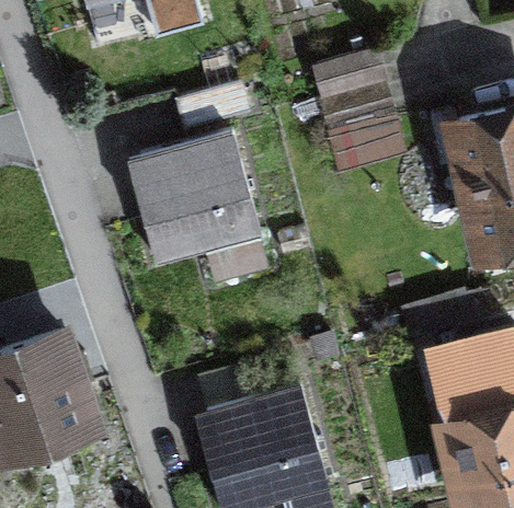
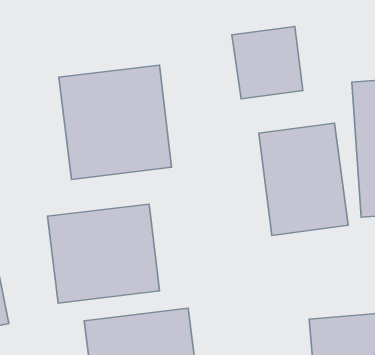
building: none -> [259,123,348,235]
building: none -> [47,204,160,303]

